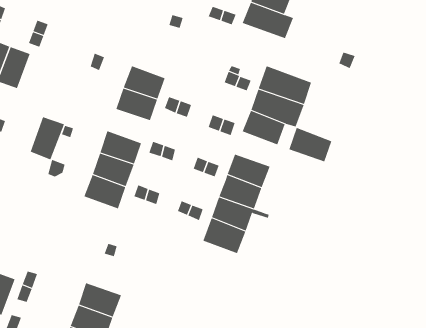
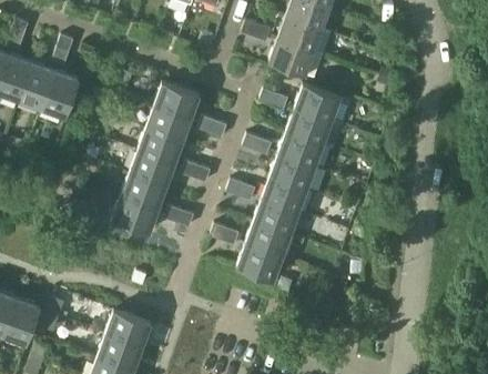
building: none -> [270,40,323,80]
building: none -> [136,130,182,165]
building: [30,117,65,160] -> [43,72,80,118]
building: [289,127,332,162] -> [270,153,315,190]

